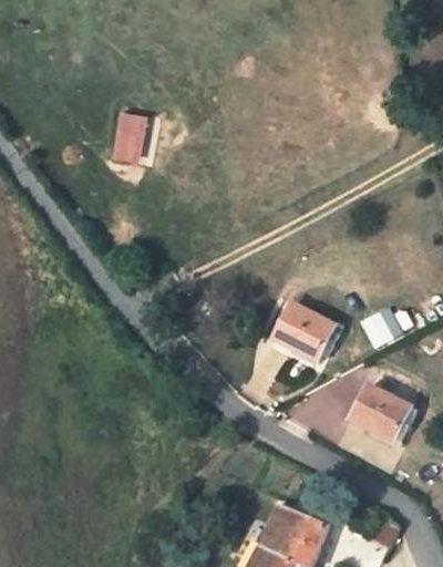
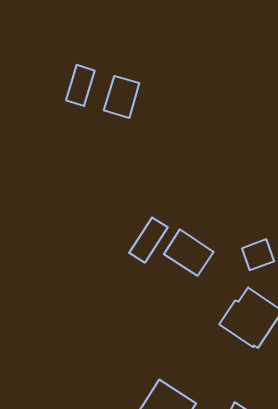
building: none -> [104,76,139,118]
building: none -> [129,217,168,263]

